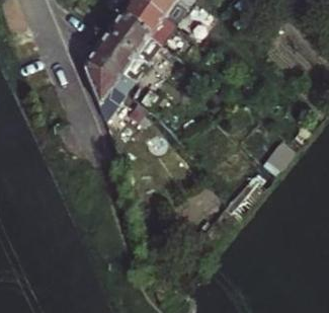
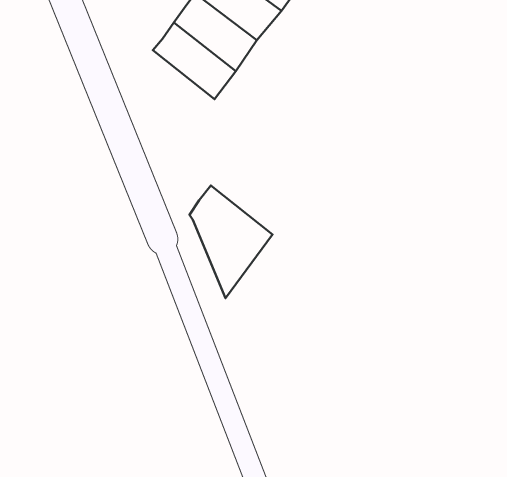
building: [83,46,135,115] -> [190,186,273,298]

